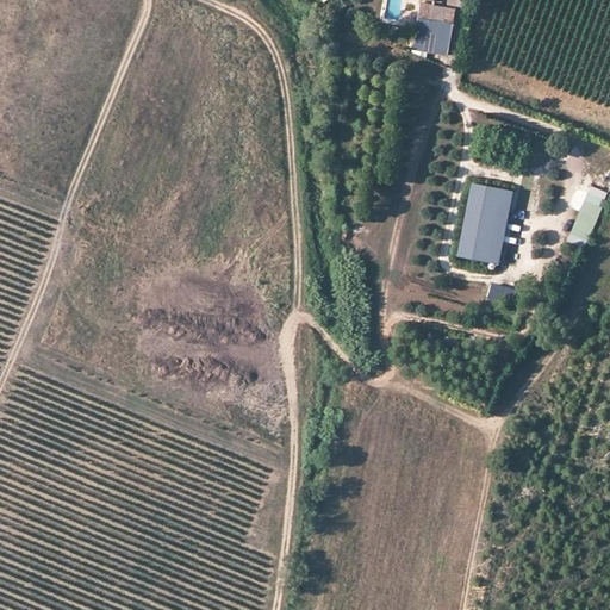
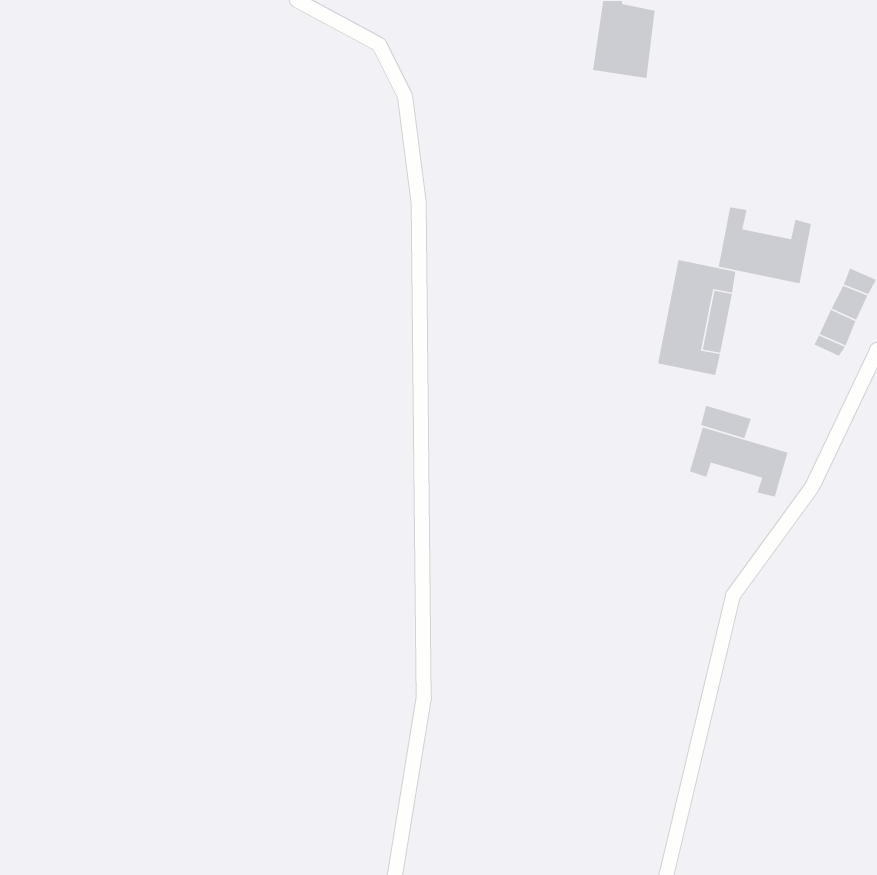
building: none -> [718,207,812,284]
building: none -> [689,426,788,498]

